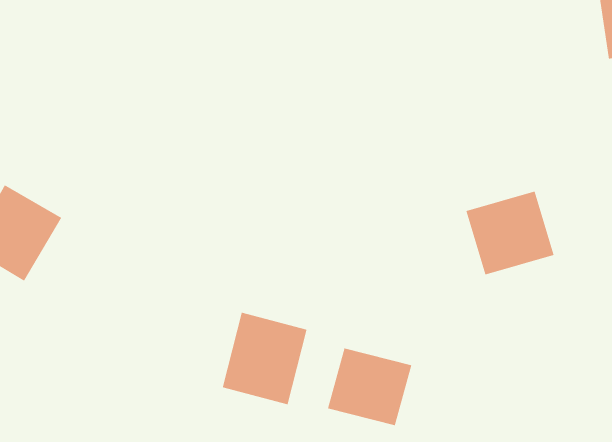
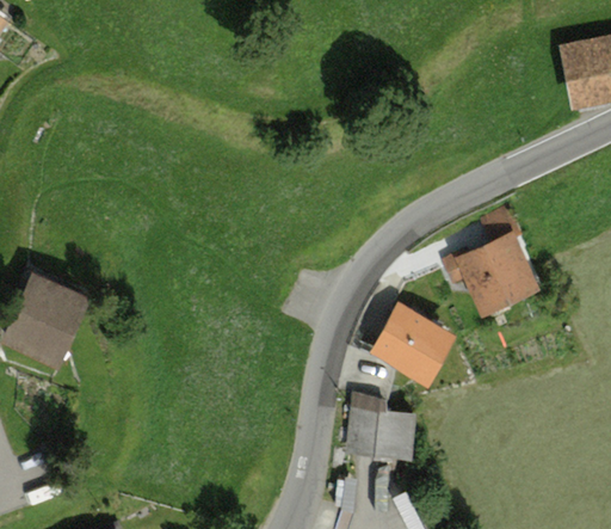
building: none -> [375,305,452,383]
building: [222,312,307,405] -> none

